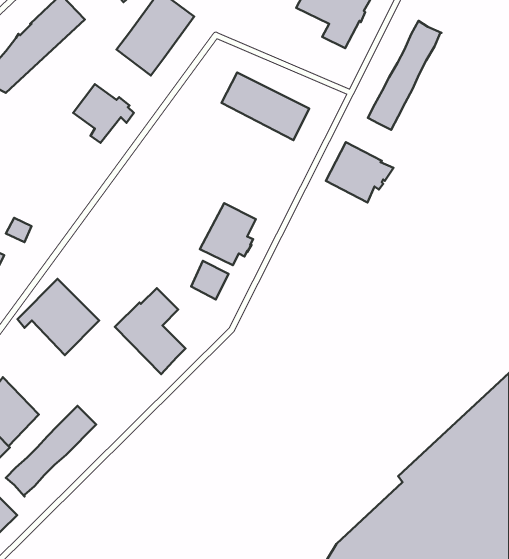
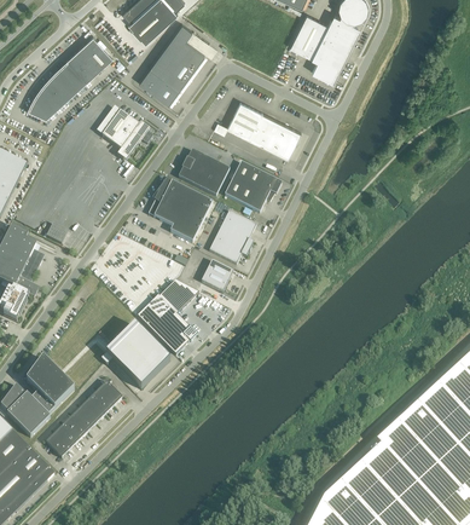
building: [368,21,442,130] -> none
building: none -> [178,150,228,196]
building: [326,142,393,202] -> [224,162,280,213]
building: none -> [147,179,211,243]
building: [17,279,99,355] -> [100,325,169,390]

